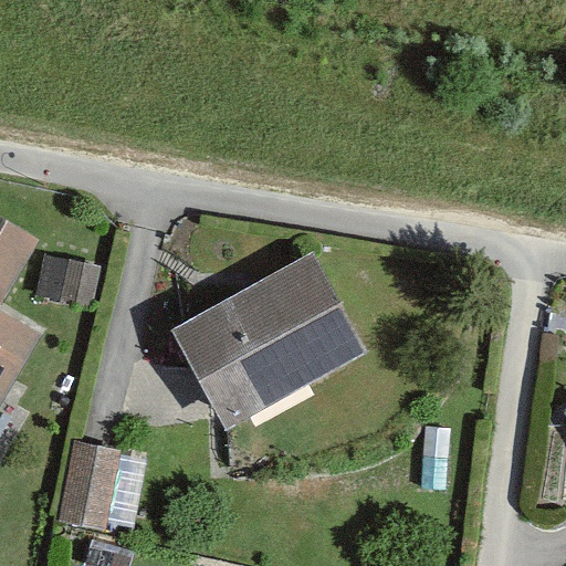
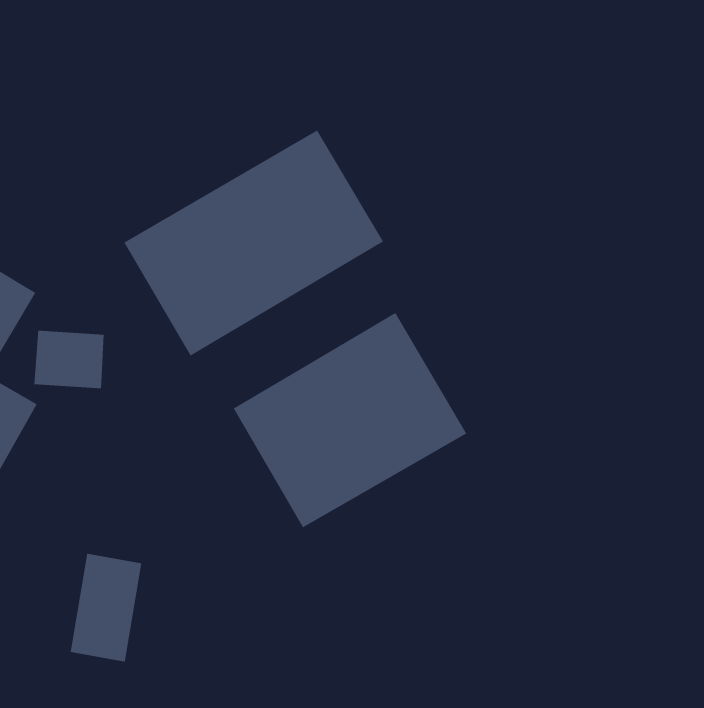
building: none -> [124,129,384,357]

